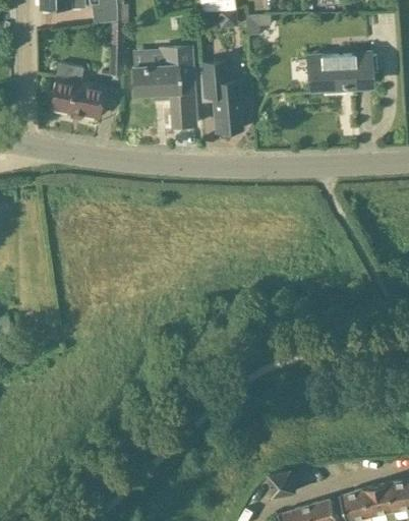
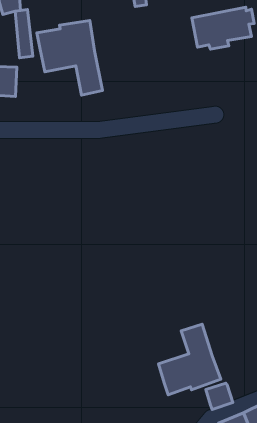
building: [199,61,242,133] -> none
building: none -> [158,324,221,395]

